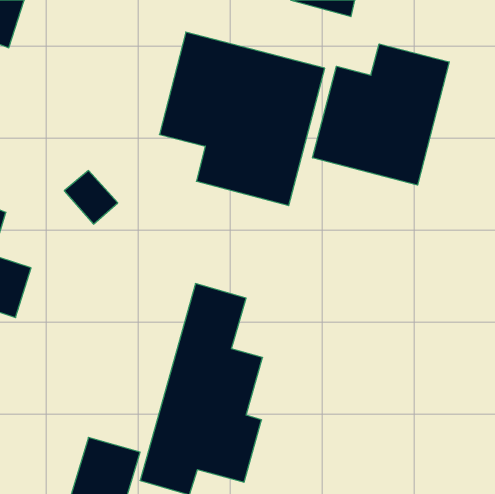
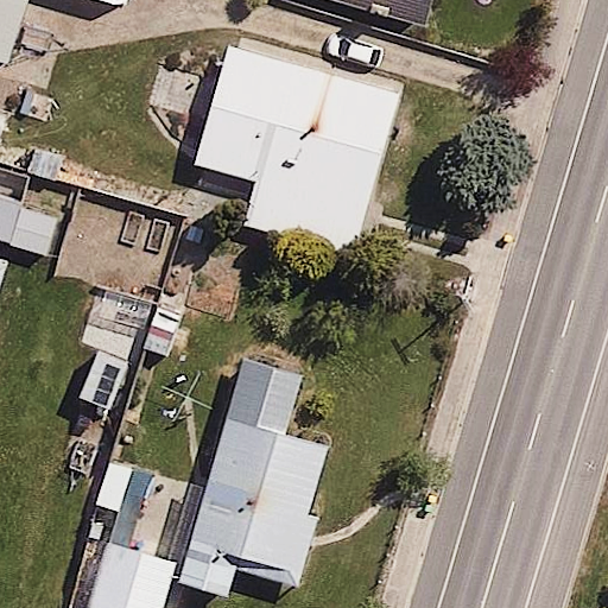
building: [313,44,449,185] -> none

